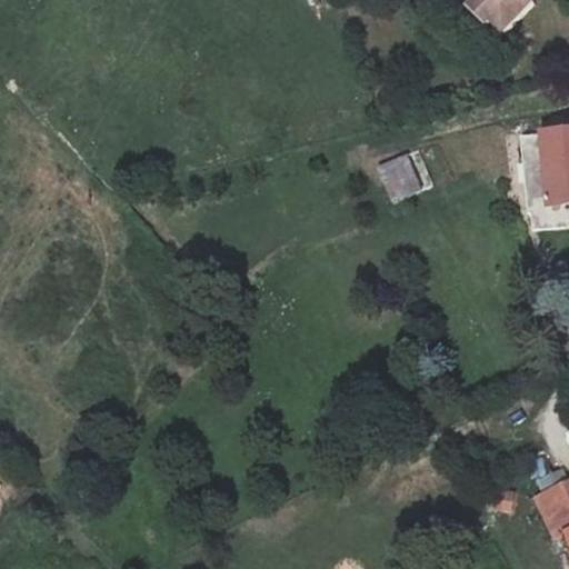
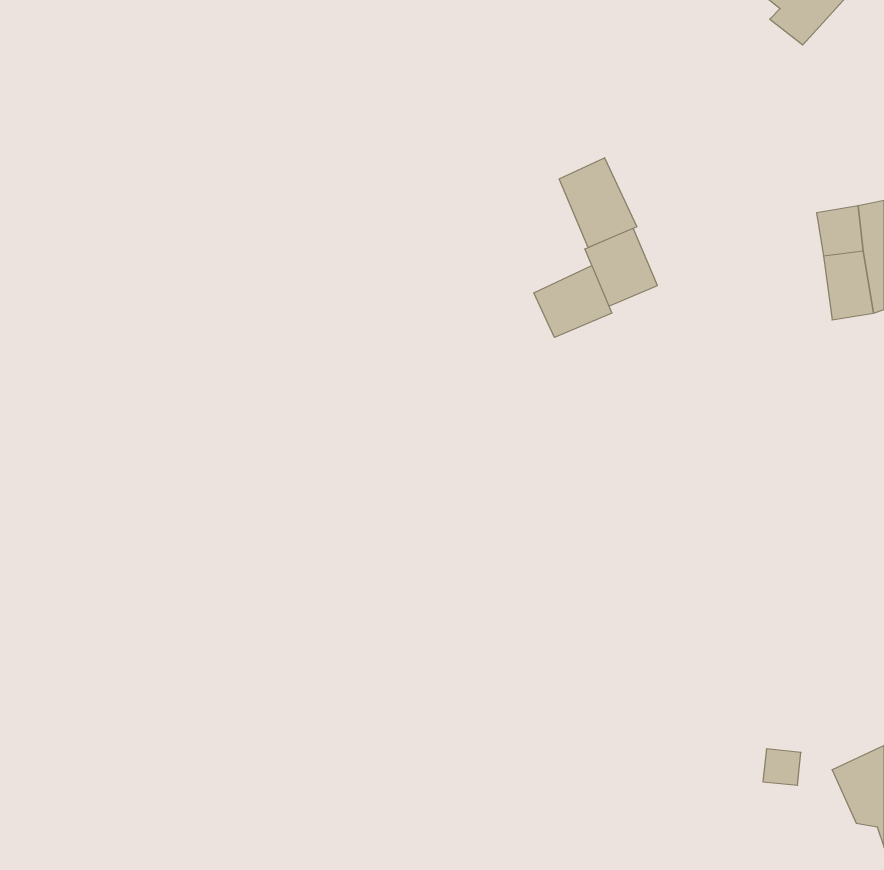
building: none -> [559,158,637,247]
building: none -> [534,266,612,337]

